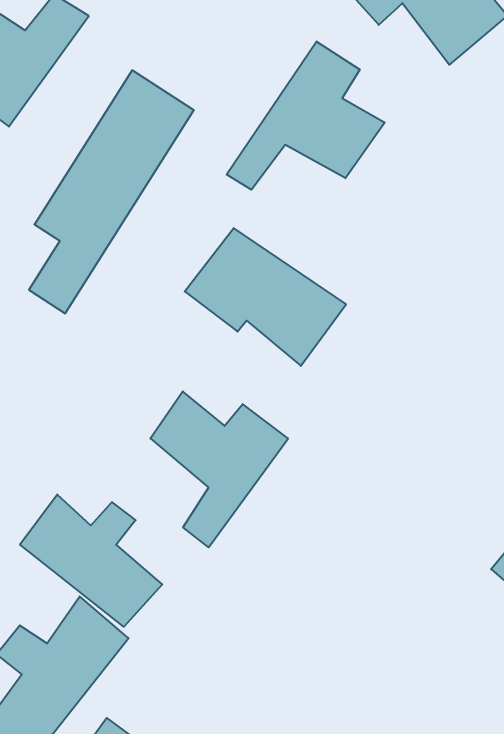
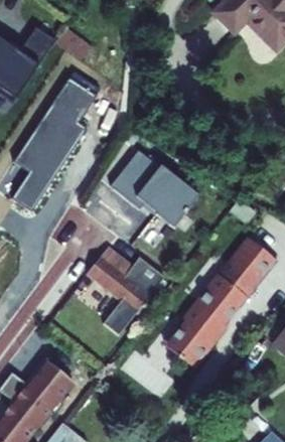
building: [227,41,385,190] -> none
building: none -> [169,239,273,370]
building: [20,494,162,627] -> none

